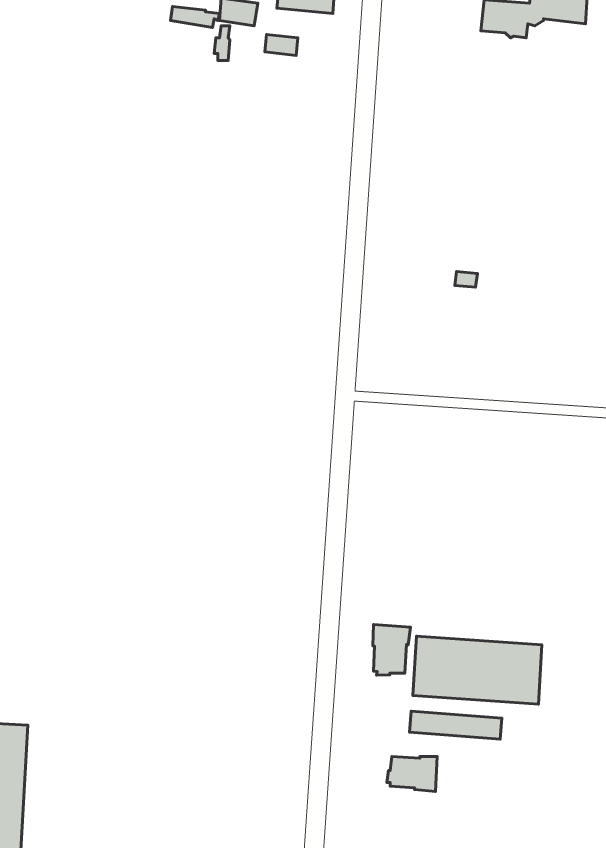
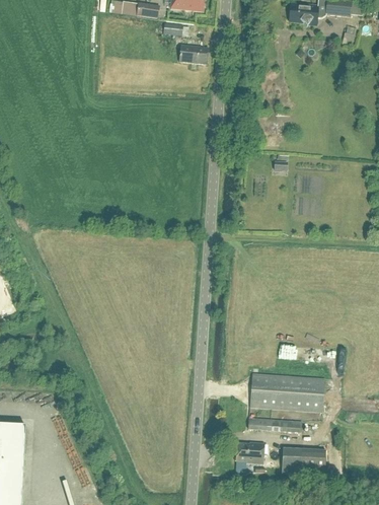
building: none -> [177,44,207,63]
building: [373,624,410,675] -> none
building: none -> [280,447,324,475]

